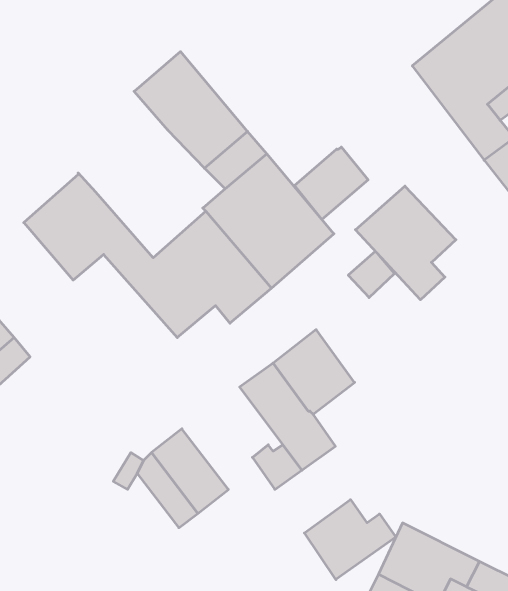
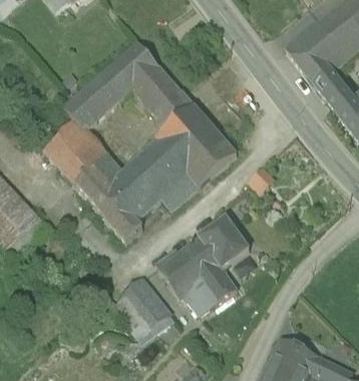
building: none -> [65,64,132,127]
building: [294,147,368,220] -> none
building: [355,186,456,300] -> none
building: none -> [73,166,142,241]
building: none -> [157,250,205,297]
building: [304,500,396,580] -> none

